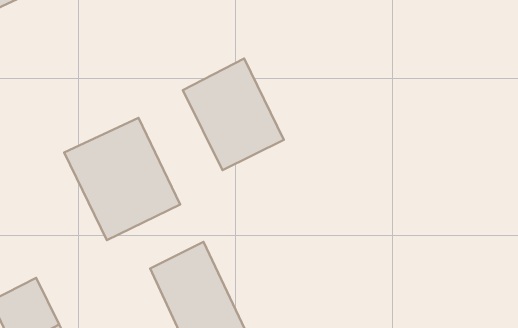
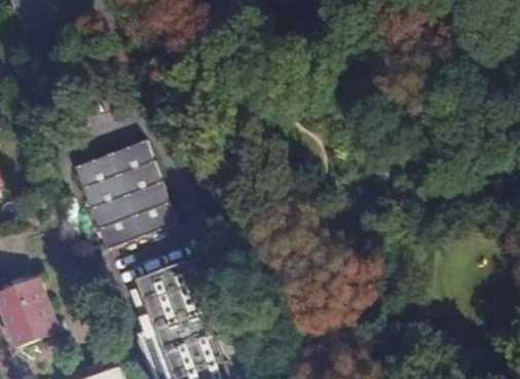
building: [183,59,284,170] -> none

